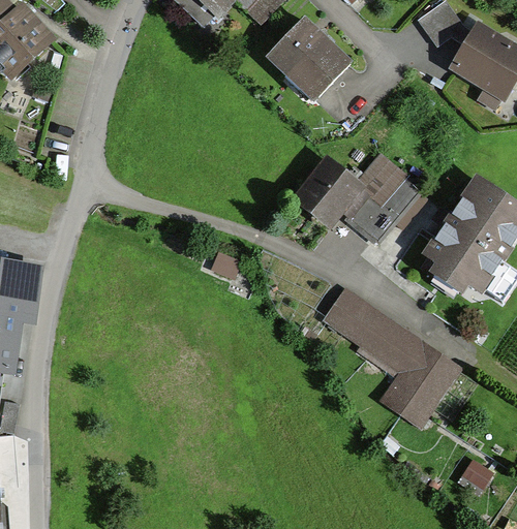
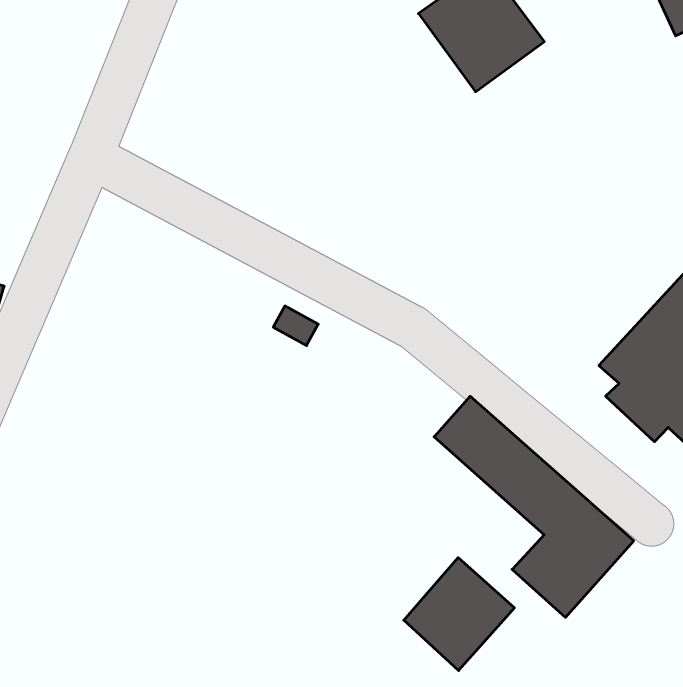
building: [299,160,417,241] -> none
building: none -> [404,558,514,671]

